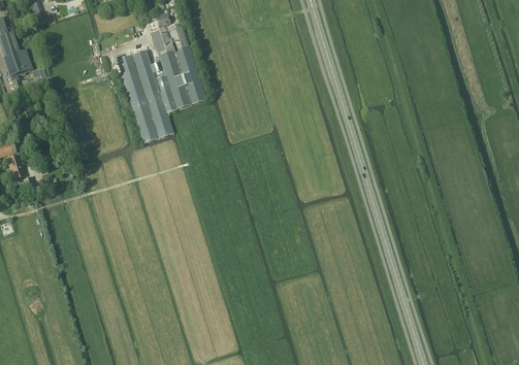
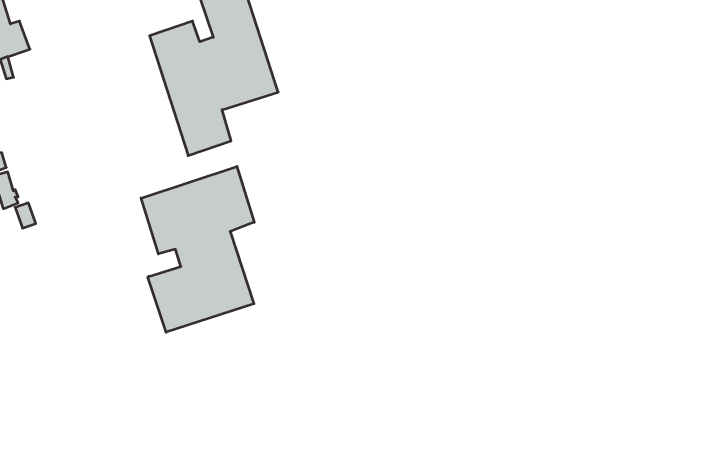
building: none -> [141,166,254,332]

